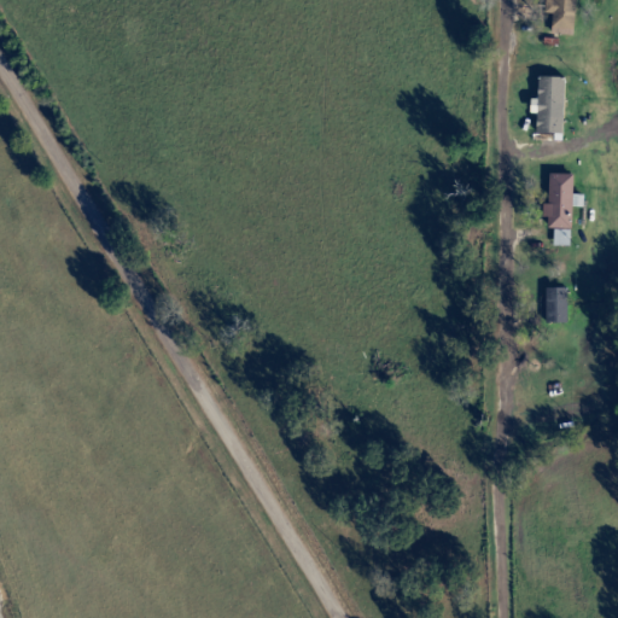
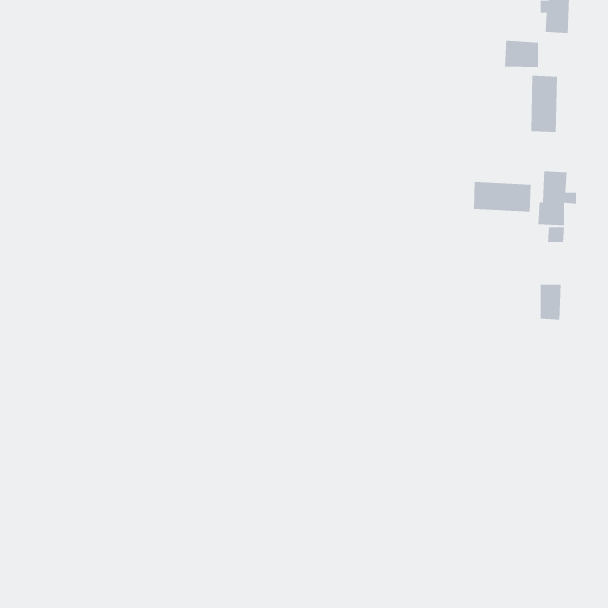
building: none -> [505,40,539,68]
building: none -> [473,181,531,213]

